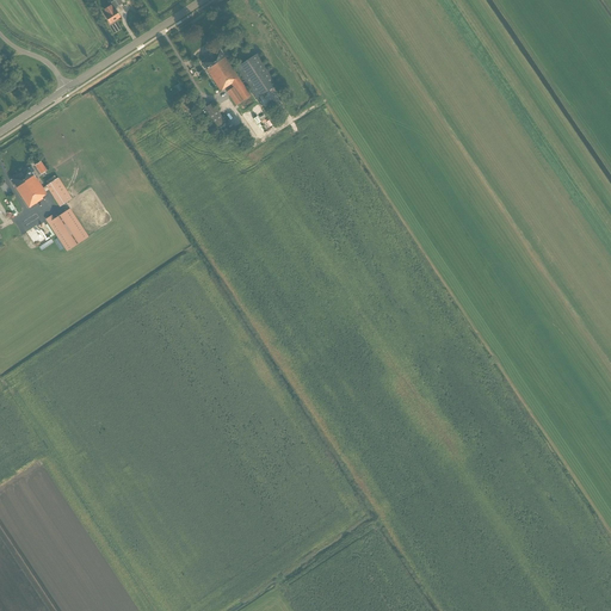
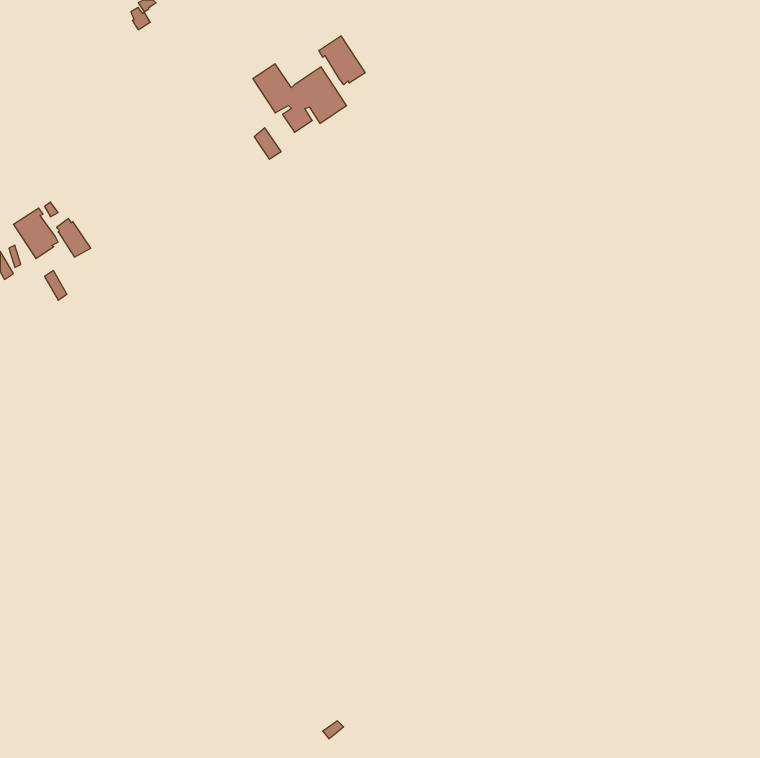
building: none -> [319,36,365,85]
building: [47,210,88,253] -> none

